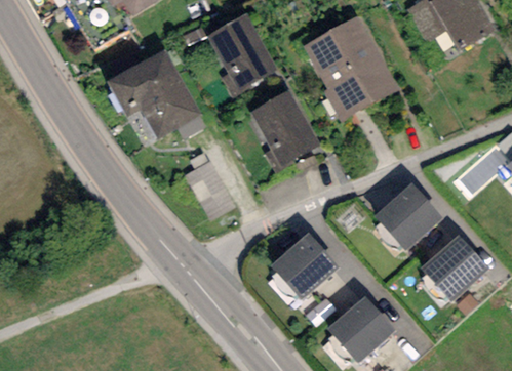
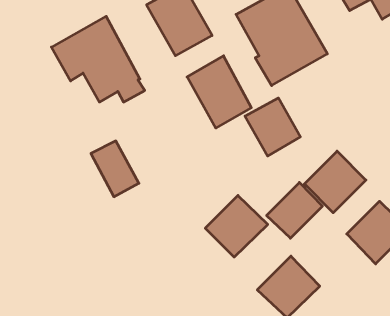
building: none -> [245,98,300,156]
building: [183,160,234,219] -> [91,141,139,197]
building: none -> [267,182,322,238]

